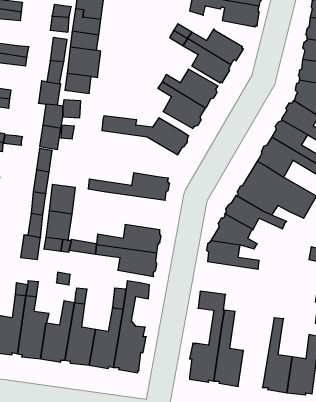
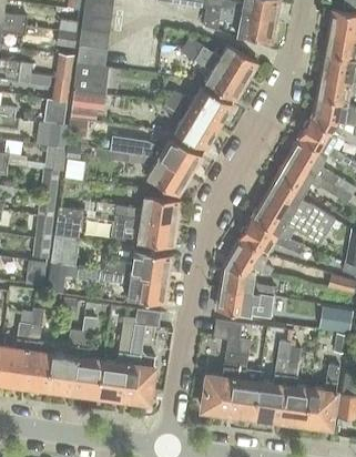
building: none -> [94,150,190,197]
building: none -> [111,216,176,247]
building: none -> [215,290,274,316]
building: none -> [253,342,291,423]

